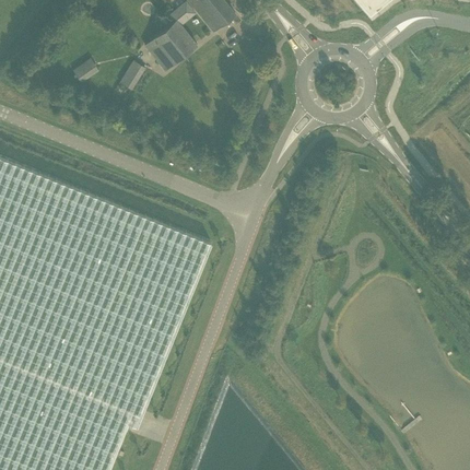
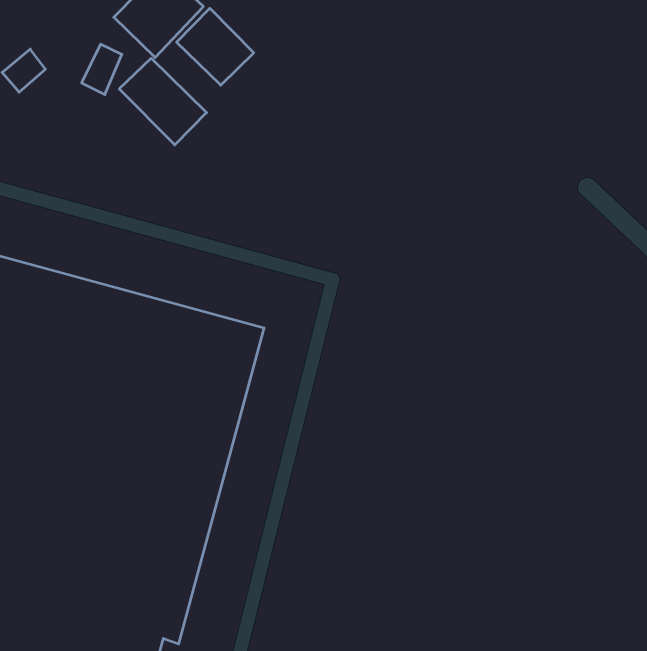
building: none -> [177,8,254,85]
building: none -> [119,58,207,145]

